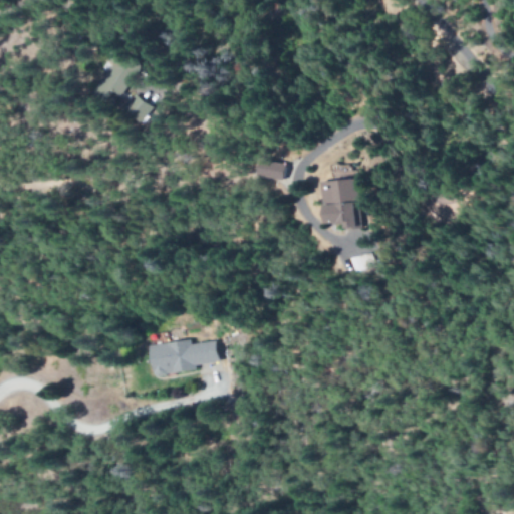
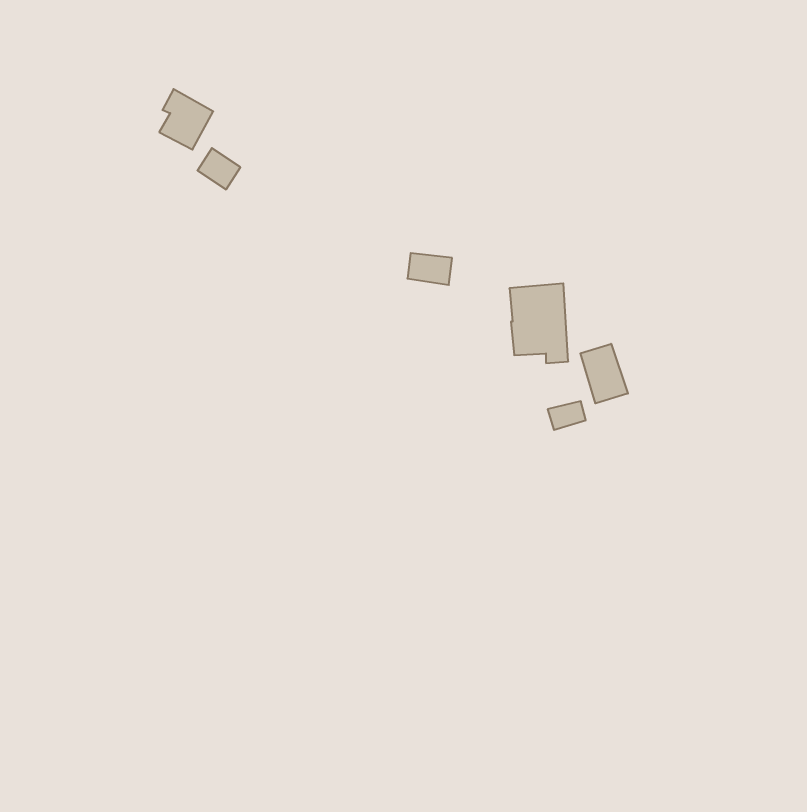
building: none -> [580,344,628,403]
building: [150,340,218,376] -> none

